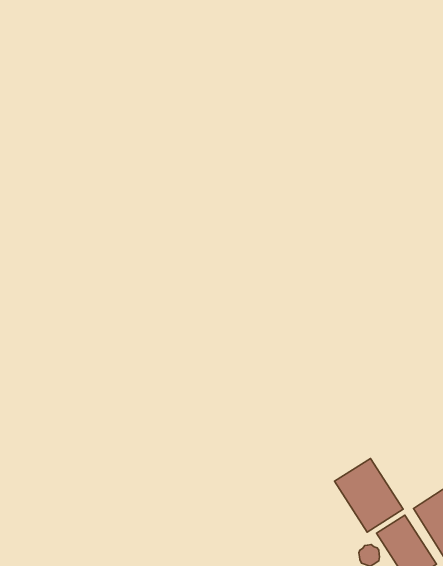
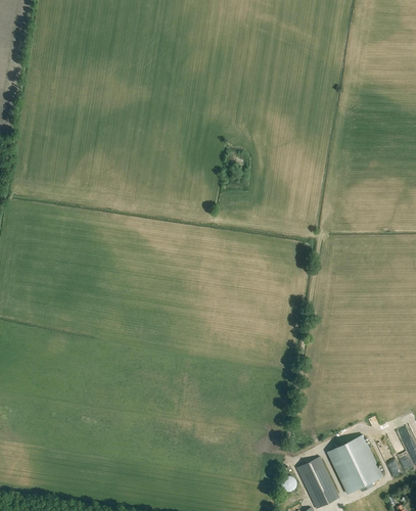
building: [335,458,403,532] -> none

